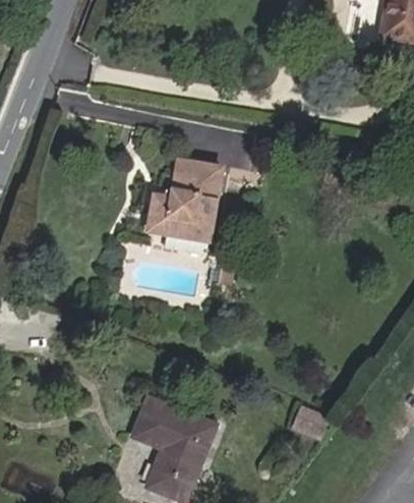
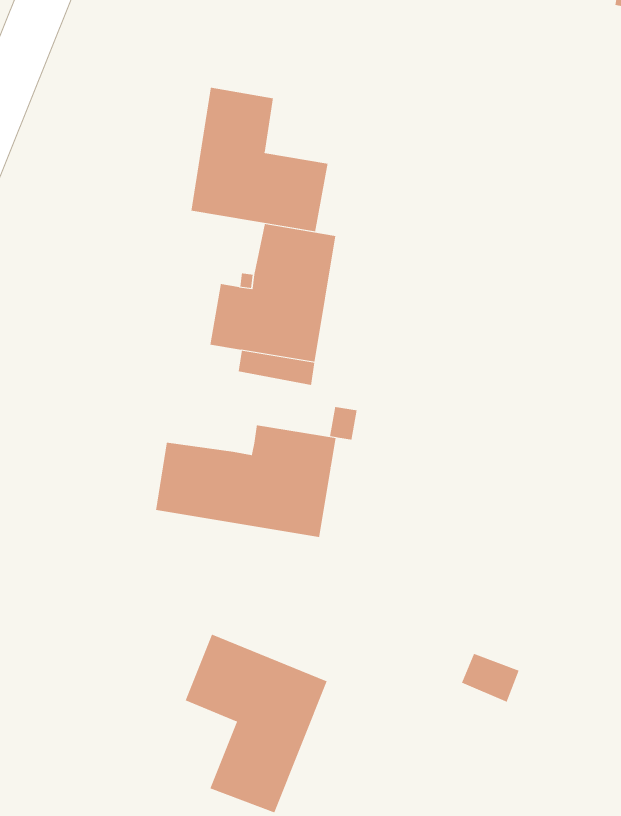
building: none -> [191,87,328,232]
building: none -> [156,425,336,538]

